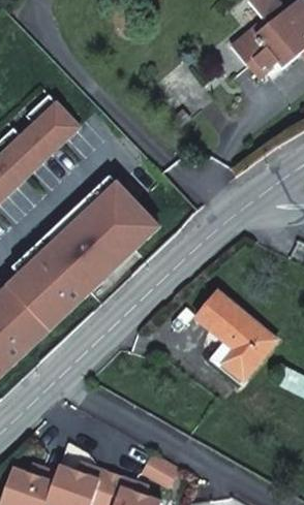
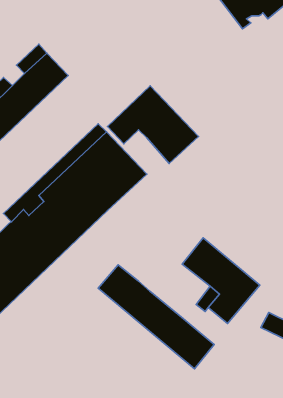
building: none -> [107,86,199,164]
building: none -> [98,265,214,369]

